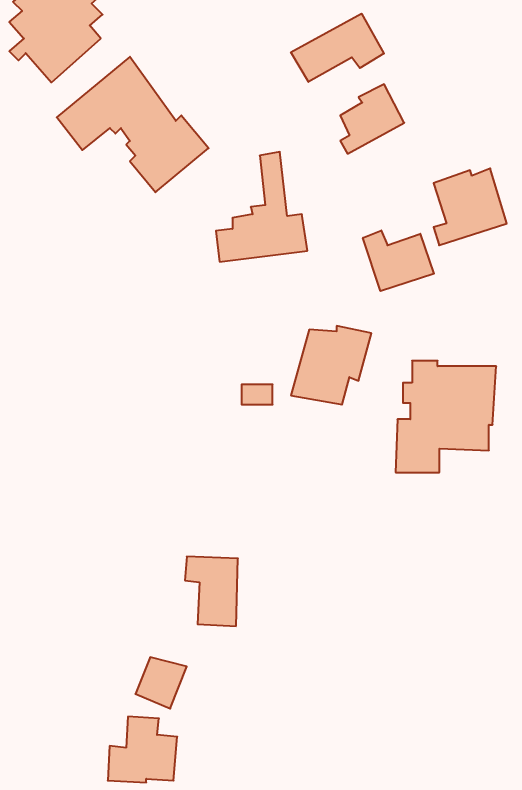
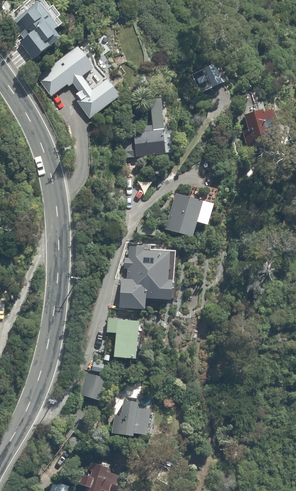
building: [291,14,384,82] -> none
building: [363,230,434,291] -> none
building: [396,361,496,472] -> [120,250,175,311]
building: [108,717,177,782] -> [112,397,150,433]

